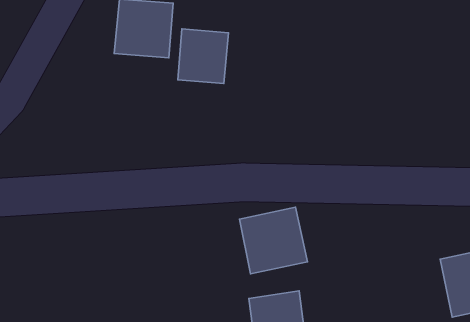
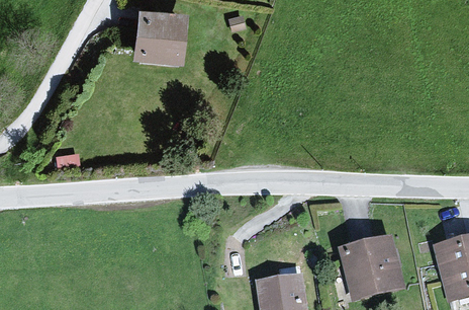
building: [178,29,229,84] -> none
building: [240,207,307,274] -> [343,238,405,300]

